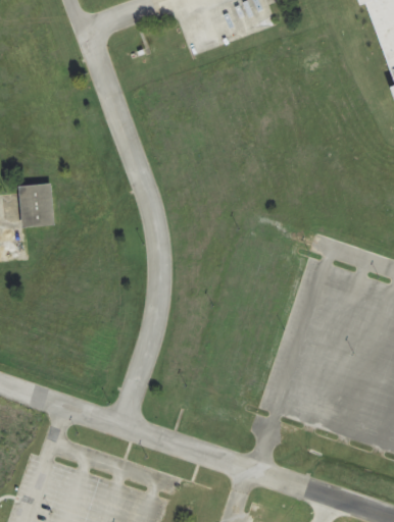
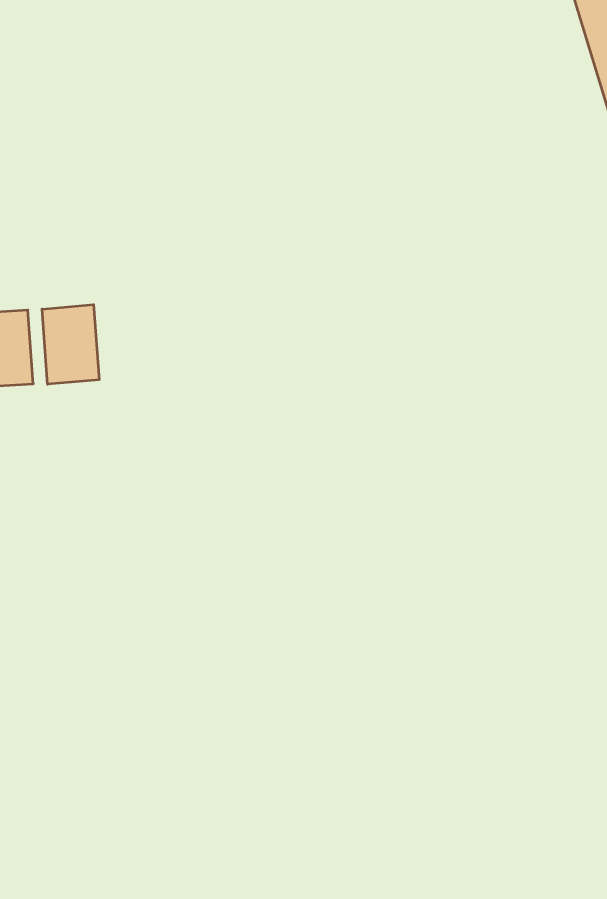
building: none -> [42,305,99,384]

